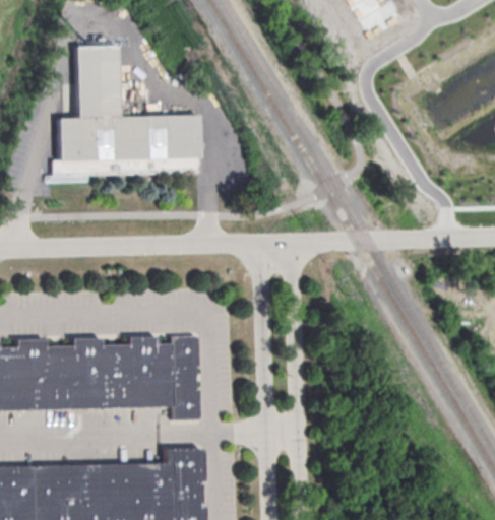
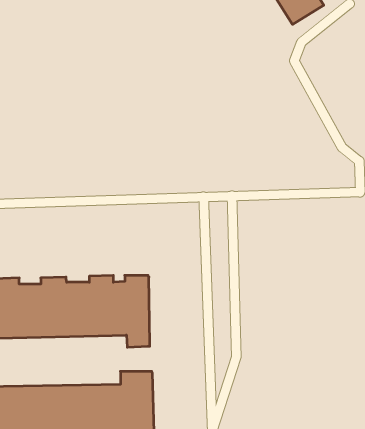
building: [52,45,199,175] -> none

